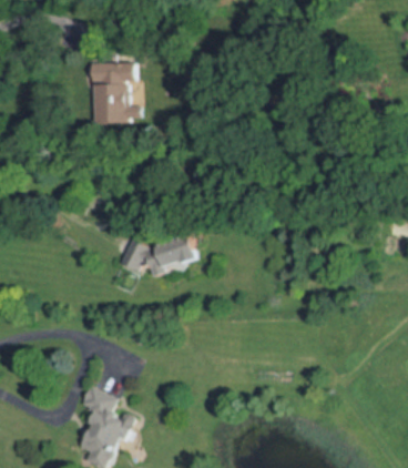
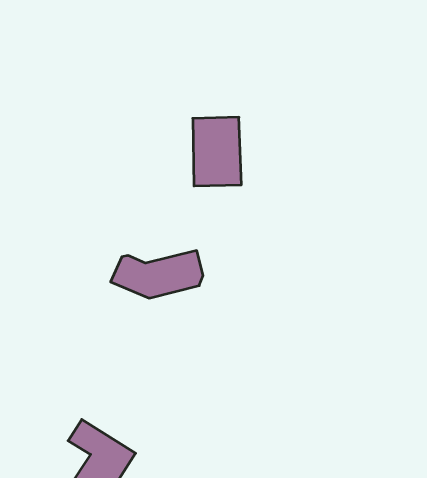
building: [86,61,130,122] -> [193,117,241,186]

